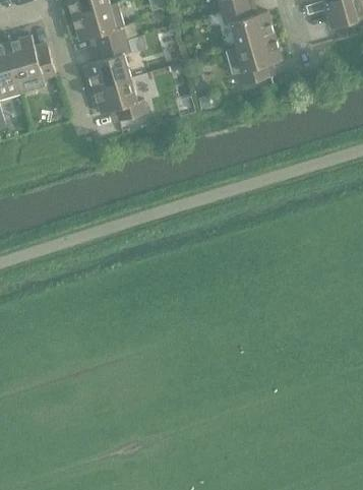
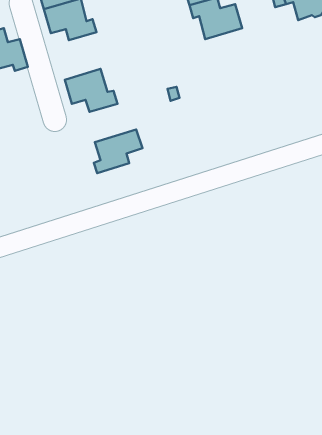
building: [225,36,281,85] -> none
building: [85,40,129,88] -> none
building: none -> [94,129,142,173]

